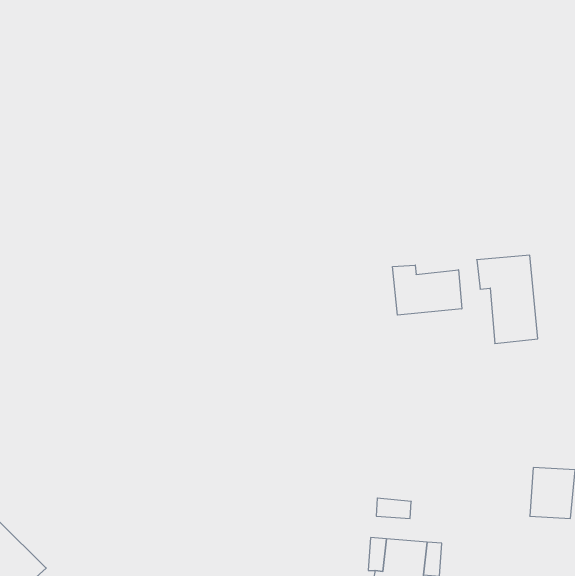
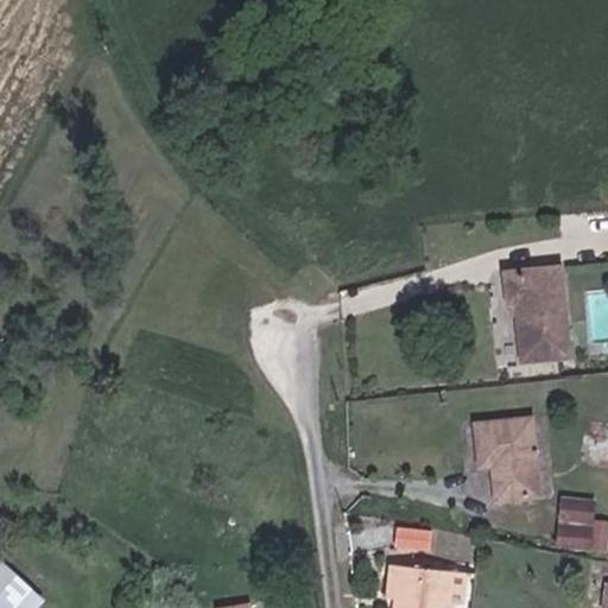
building: [393,265,462,315] -> none
building: none -> [474,422,536,502]

